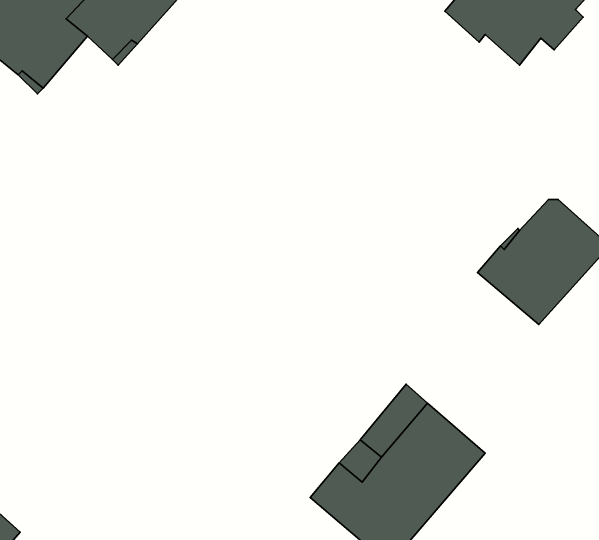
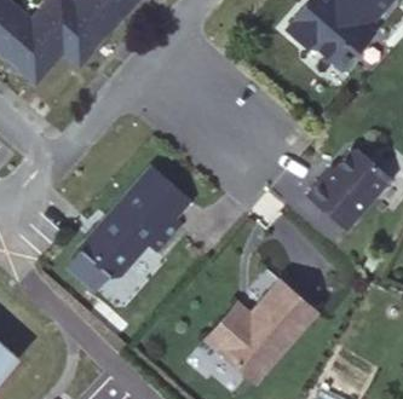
building: none -> [68,170,188,294]

